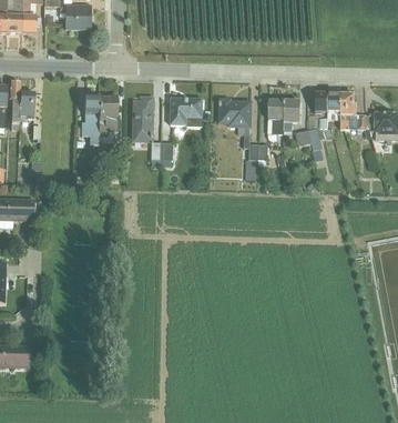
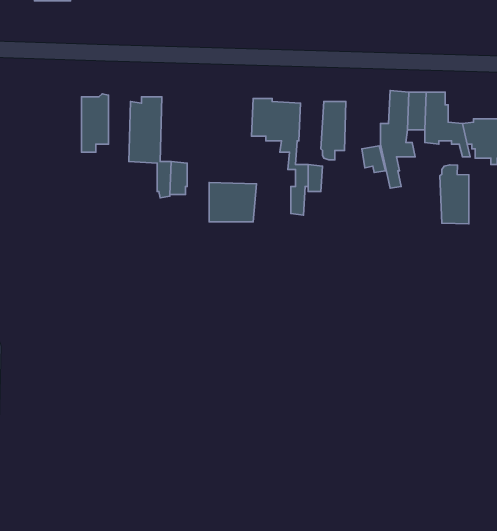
building: [80,95,98,143] -> none
building: [170,97,203,124] -> [209,182,256,222]
building: [283,99,299,134] -> none
building: none -> [440,165,469,224]

